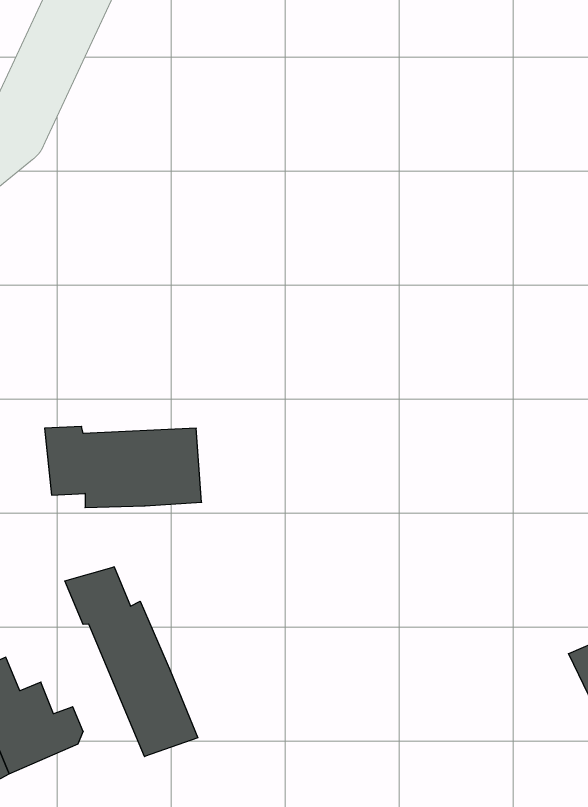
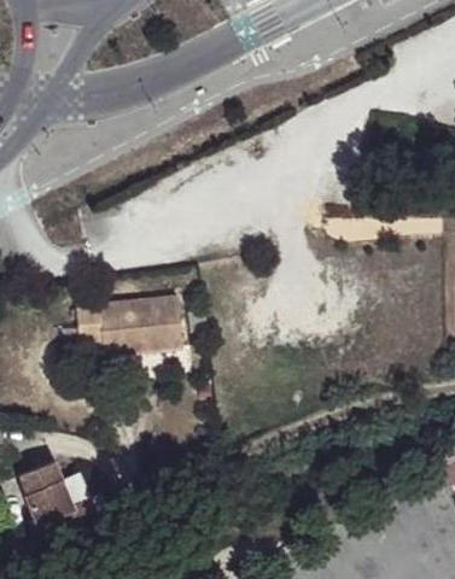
building: [65,567,198,757] -> none

